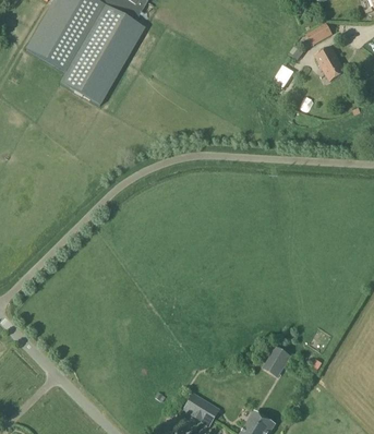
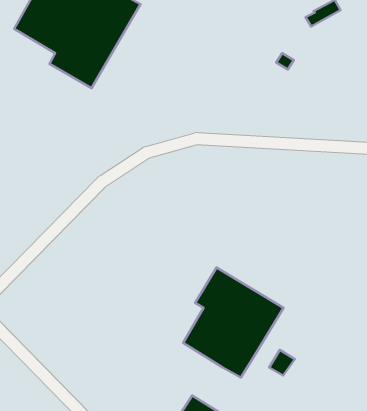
building: [315,45,346,80] -> none
building: none -> [183,268,284,377]

